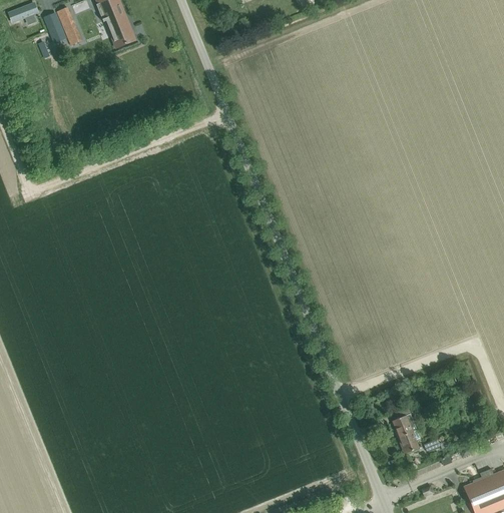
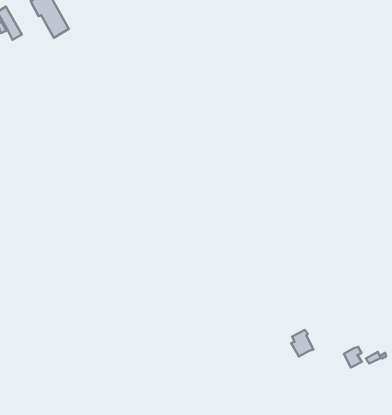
building: [393,409,417,438] -> [291,330,313,357]

